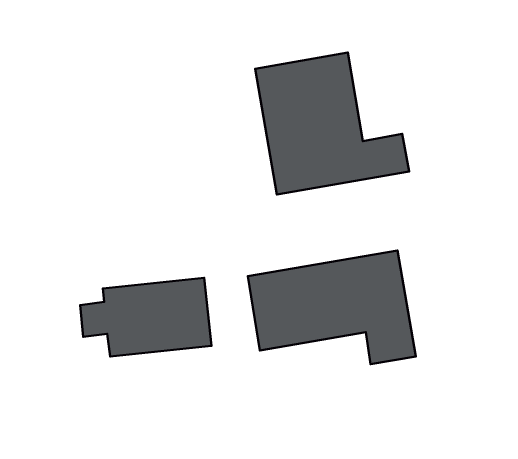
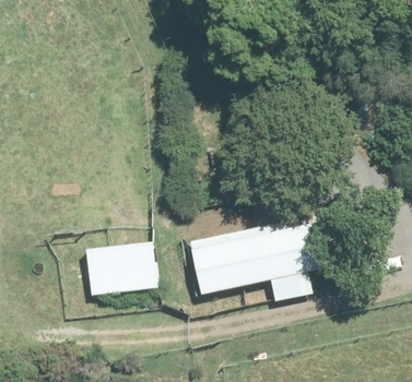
building: [255,53,409,194] -> none

